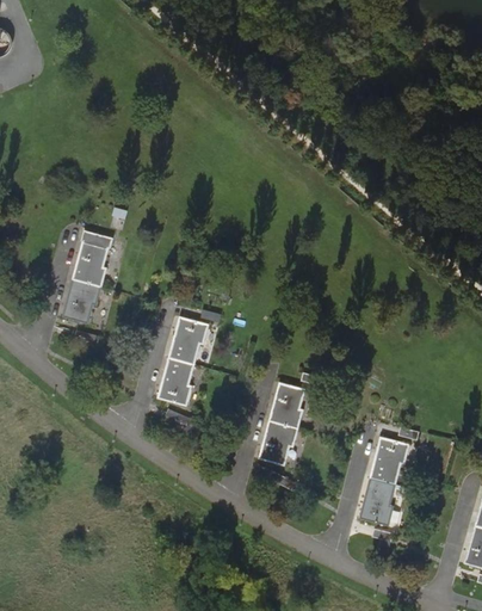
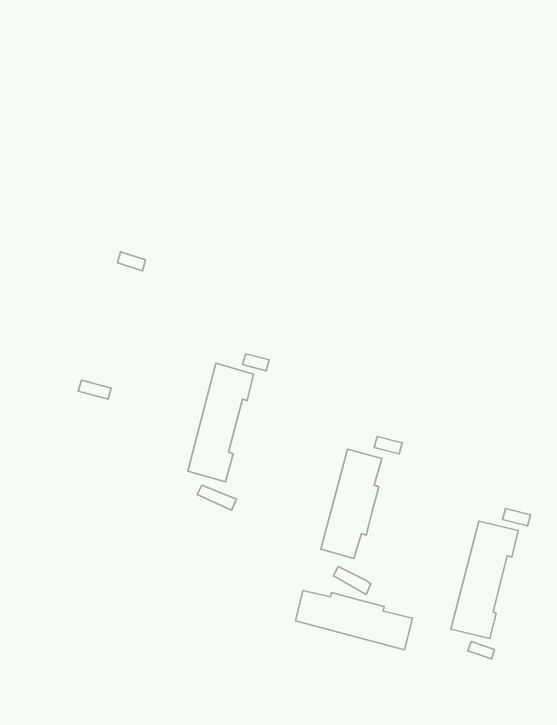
building: [61,239,109,322] -> none
building: none -> [295,591,413,650]

